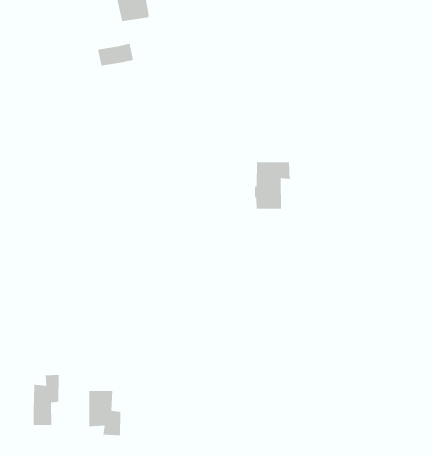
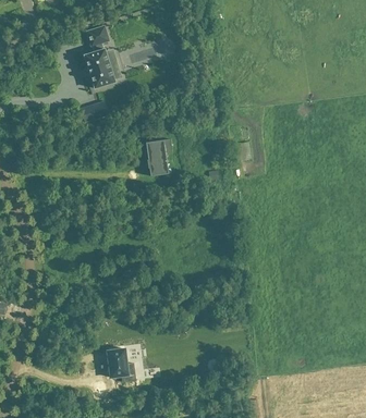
building: [254,161,290,210] -> [146,139,172,176]
building: [32,374,59,426] -> none

